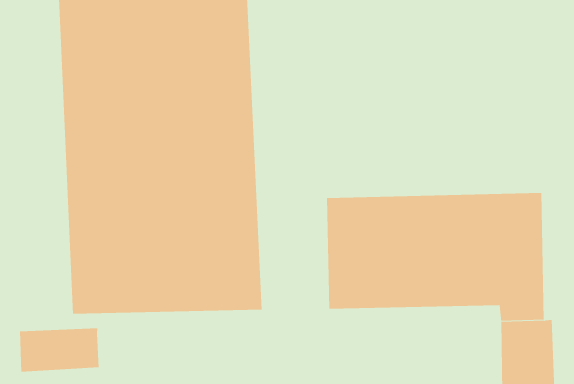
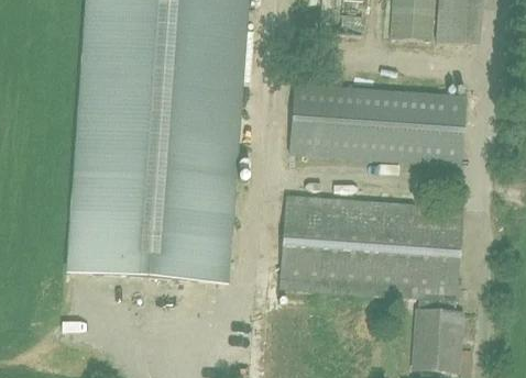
building: none -> [289,85,467,165]
building: [19,327,99,372] -> none

